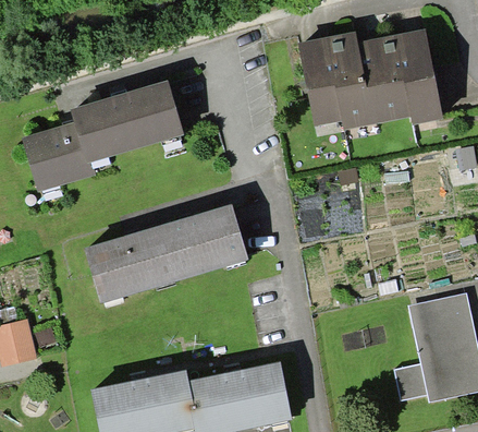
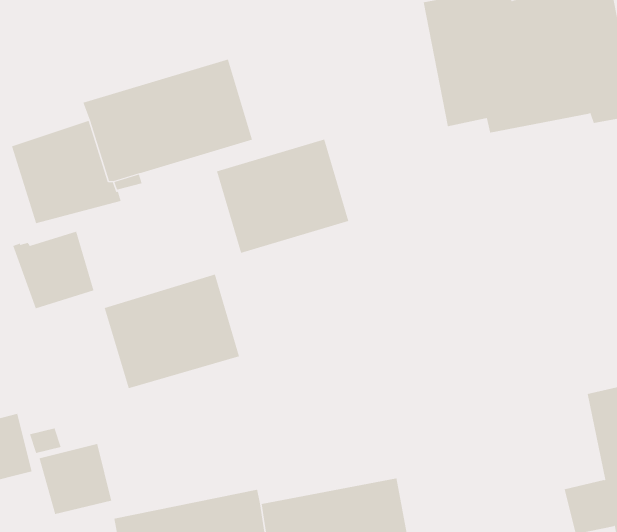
building: none -> [12,231,94,309]
building: [159,203,248,280] -> [216,139,349,254]
building: none -> [39,443,112,515]

